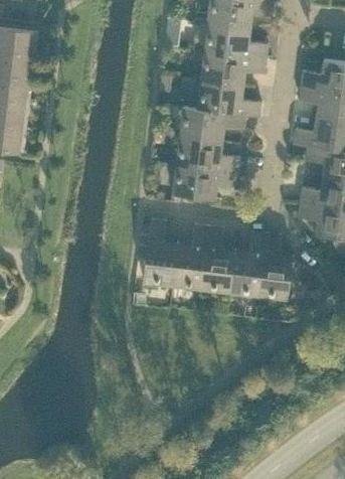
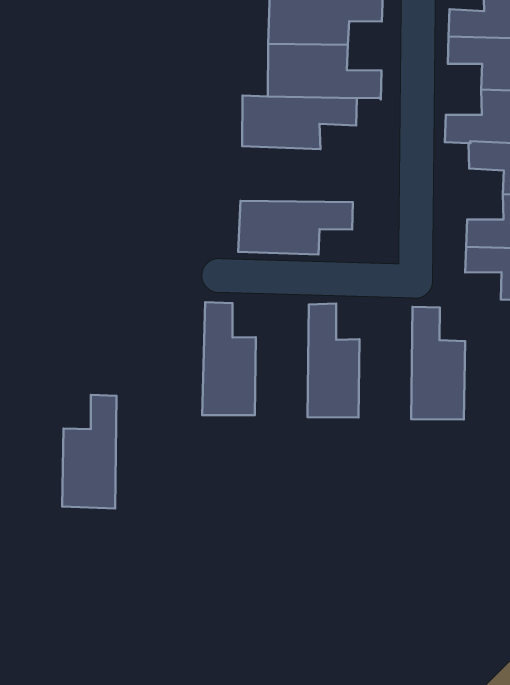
building: [174,135,238,172] -> none
building: [170,224,206,289] -> [62,395,116,508]
building: [227,231,264,296] -> none

